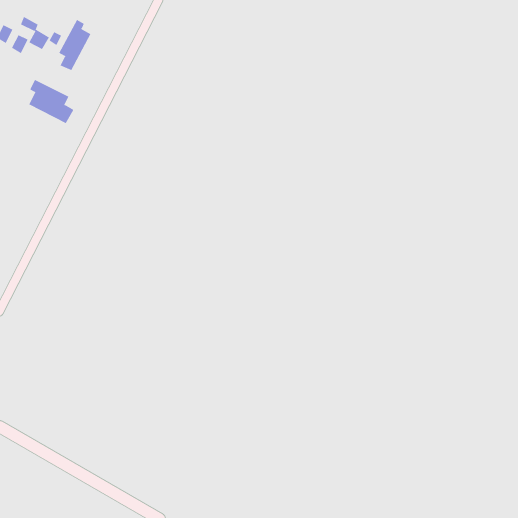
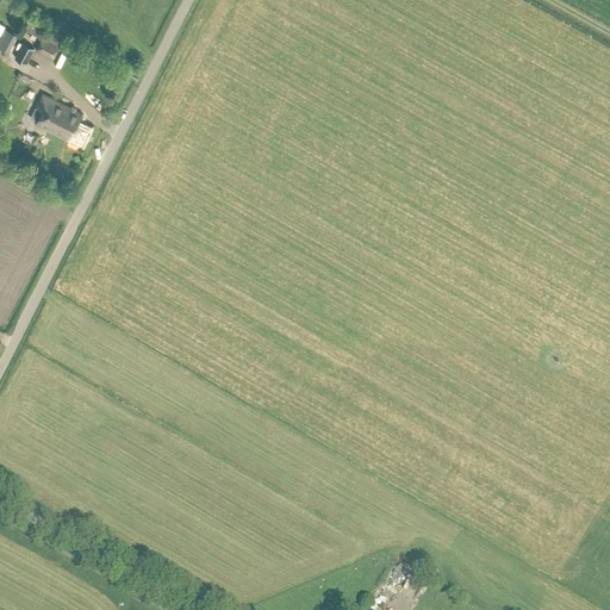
building: [59,19,91,71] -> none

